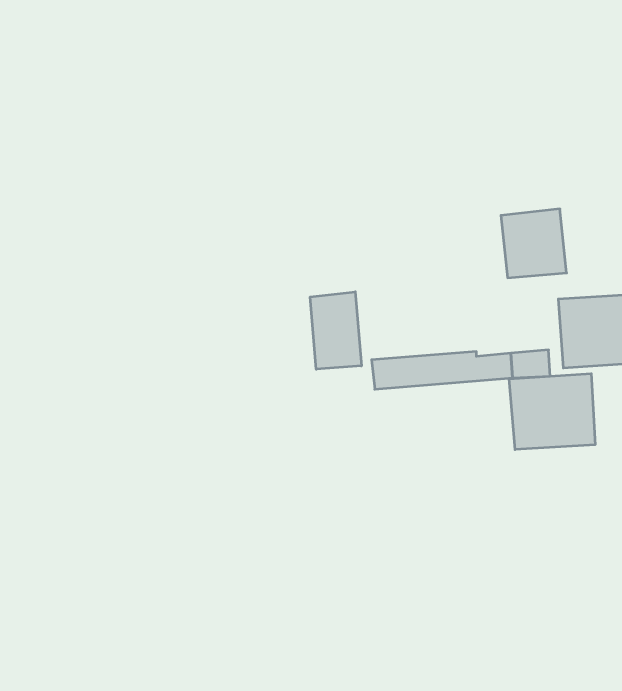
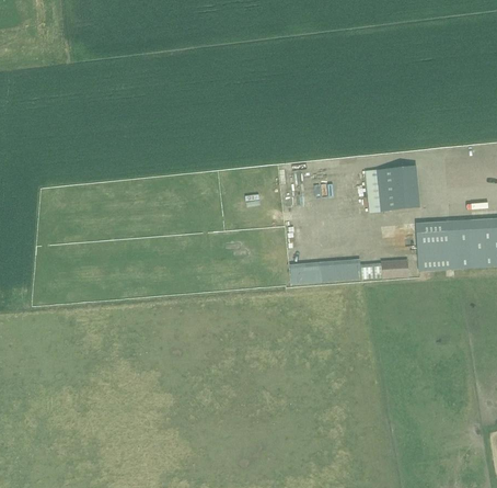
building: [310,292,361,369] -> none
building: [509,374,595,450] -> none

